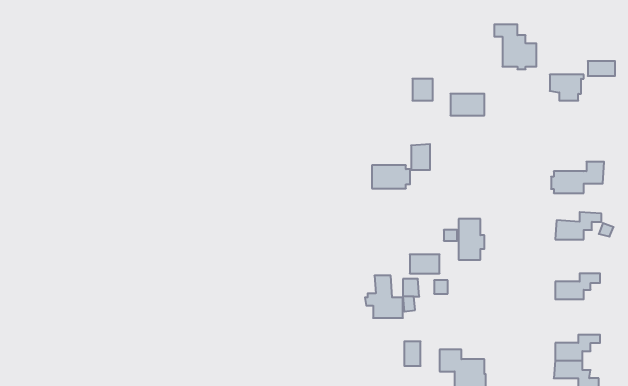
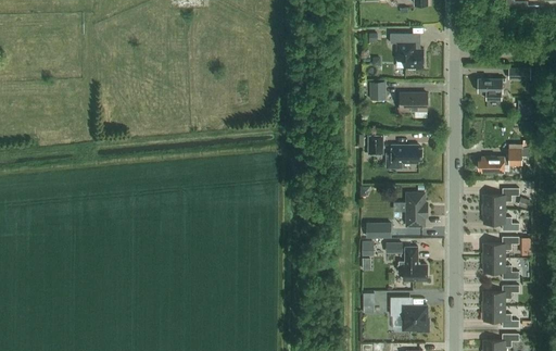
building: [494,24,536,69] -> [390,34,424,70]
building: [372,165,410,188] -> [391,145,421,163]
building: none -> [483,210,519,230]
building: [365,276,403,318] -> [396,247,427,280]
building: none -> [483,258,519,279]

